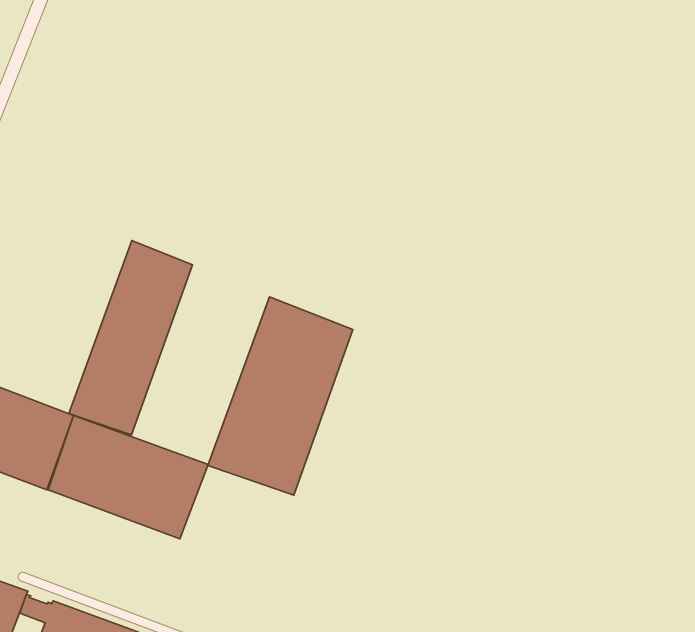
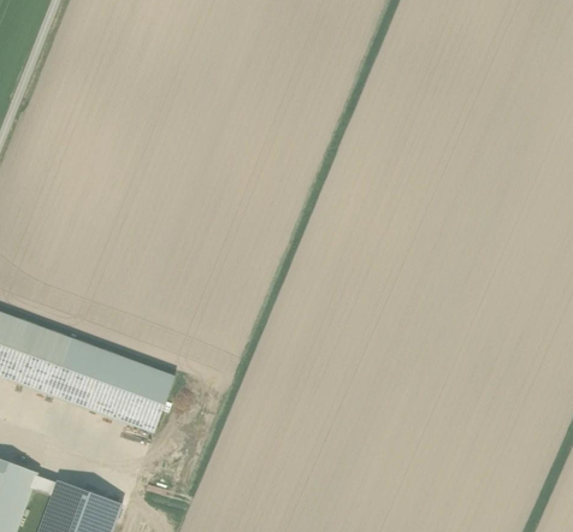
building: [69,240,192,435] -> none
building: [208,297,353,495] -> none

